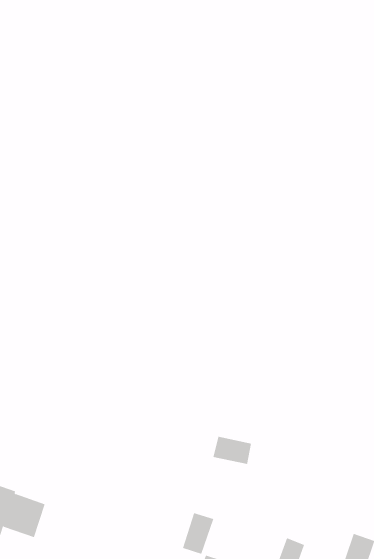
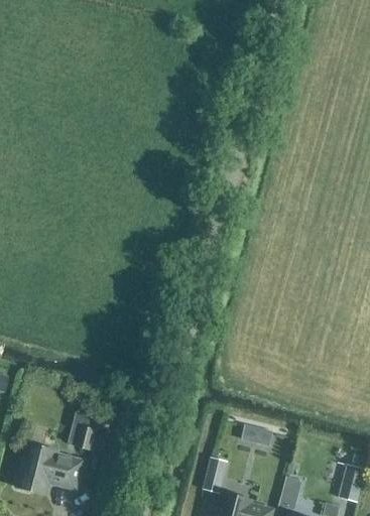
building: [213,436,252,465] -> [243,423,275,445]
building: none -> [68,413,97,453]

